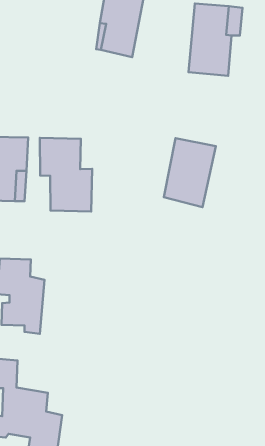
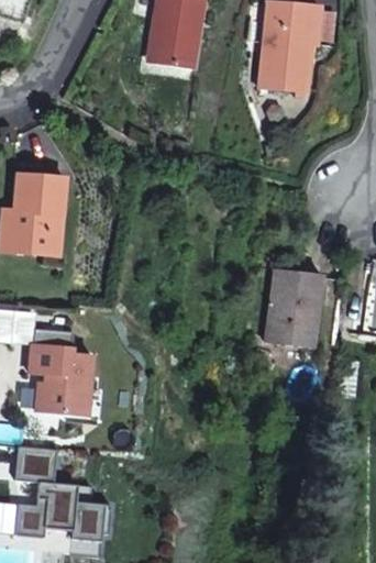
building: [40,138,92,212] -> none
building: [164,138,216,207] -> [267,269,331,354]

